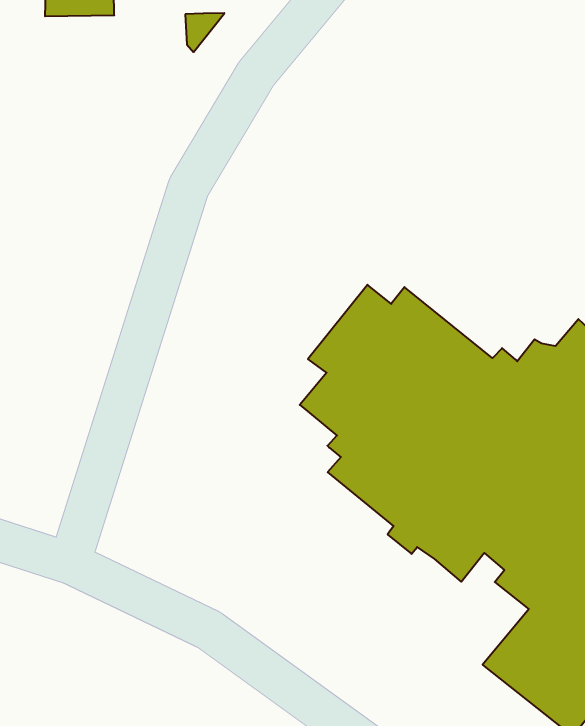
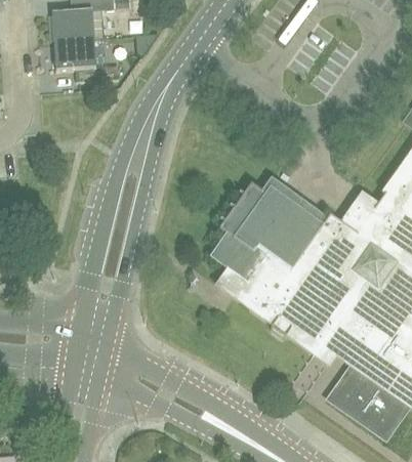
building: none -> [54,36,120,79]

